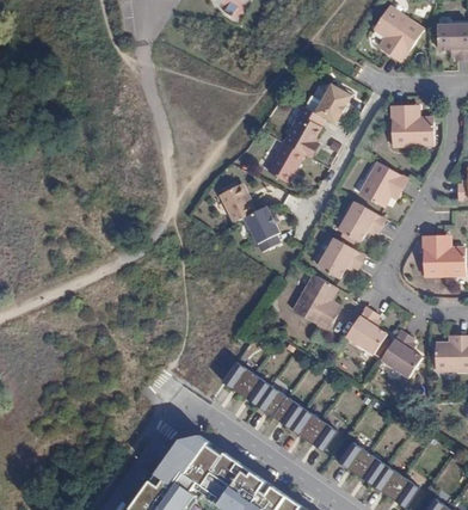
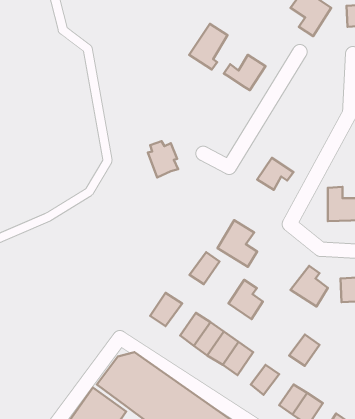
building: [283,109,327,161] -> [189,24,228,69]
building: [393,110,436,148] -> none
building: [264,149,298,185] -> none
building: [364,164,410,204] -> none
building: [242,209,278,256] -> none
building: [320,238,362,274] -> none
building: [347,306,387,351] -> [229,280,263,319]
building: [236,370,271,407] -> [189,252,220,284]
building: [349,451,383,487] -> [289,335,319,366]

